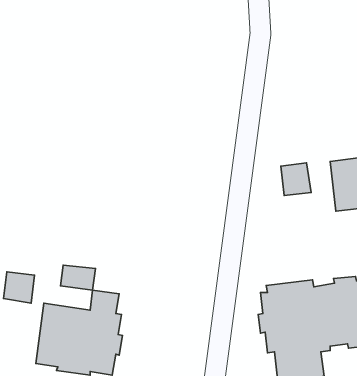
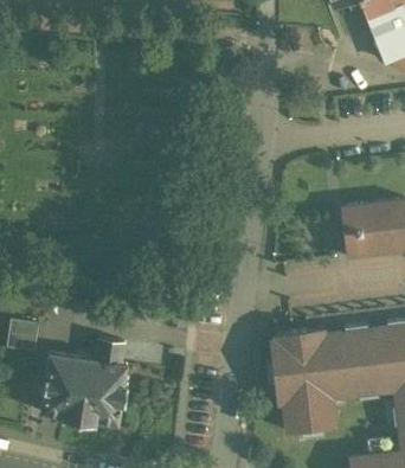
building: [281,163,311,196] -> none
building: [61,265,95,290] -> none

